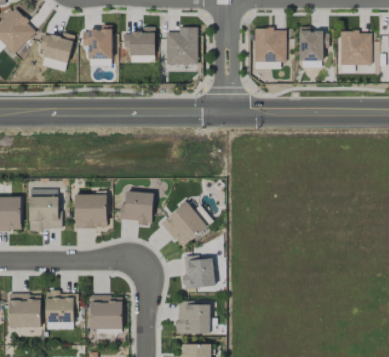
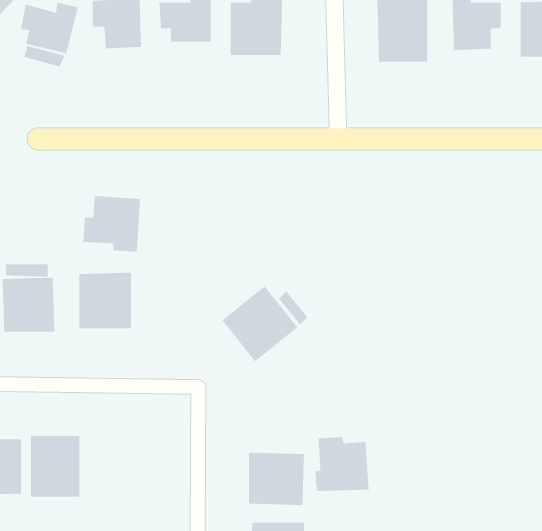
building: [119,191,154,225] -> [82,196,141,252]
building: [182,255,215,288] -> [315,437,370,492]
building: [90,295,123,330] -> none

